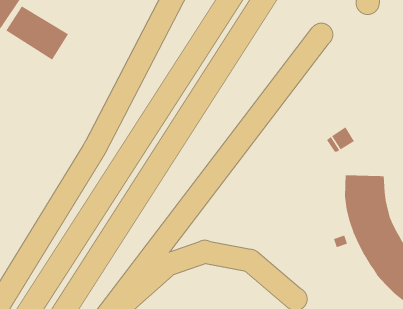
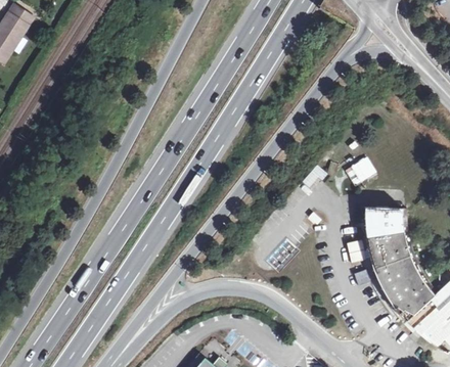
building: [5,6,69,61] -> none

